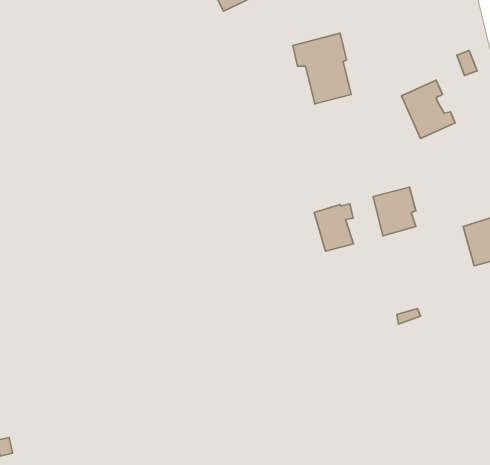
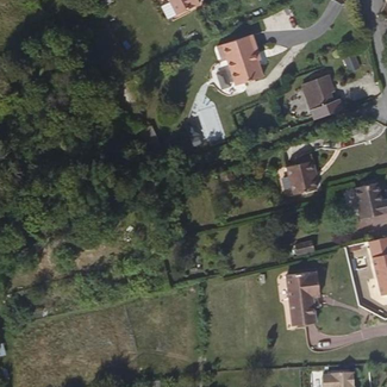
building: [314,204,354,251] -> none
building: none -> [277,269,313,324]

